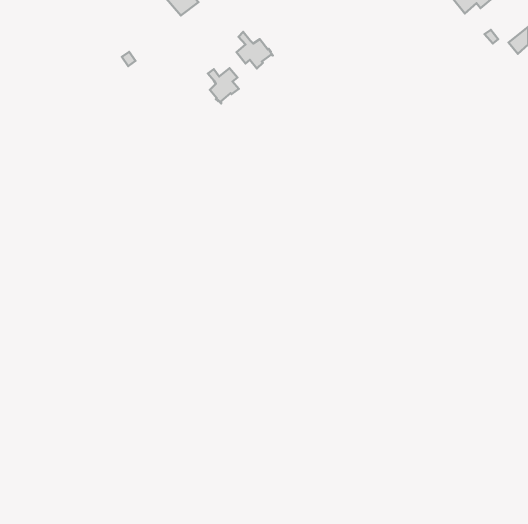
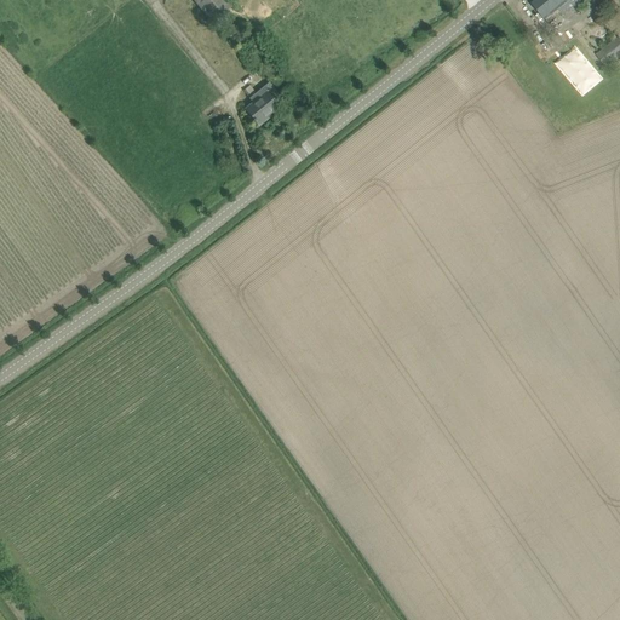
building: [237,32,273,68] -> none

